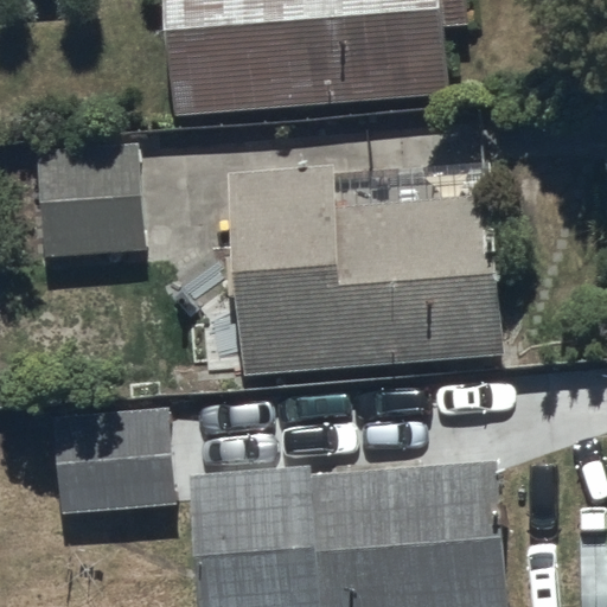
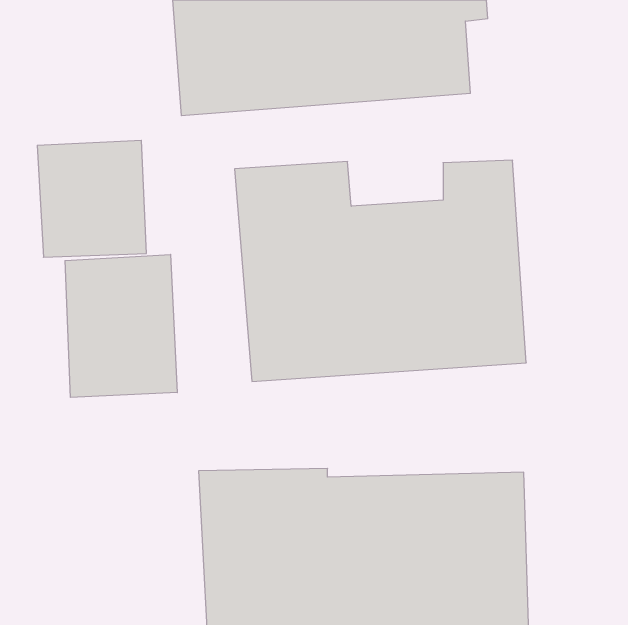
building: none -> [65,254,177,397]
building: [53,403,172,544] -> none

